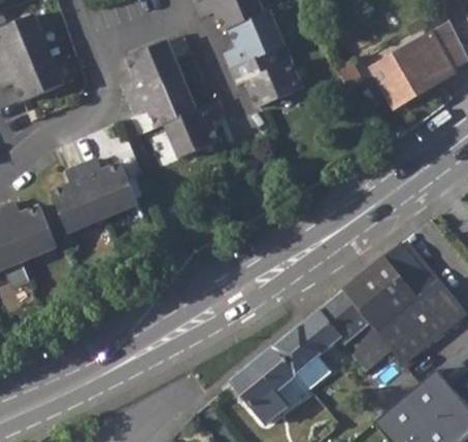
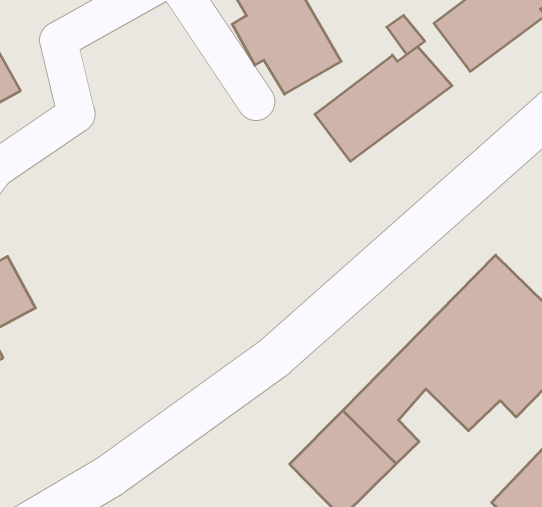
building: [123,43,227,157] -> none
building: none -> [315,46,452,161]
building: [52,158,139,232] -> none

